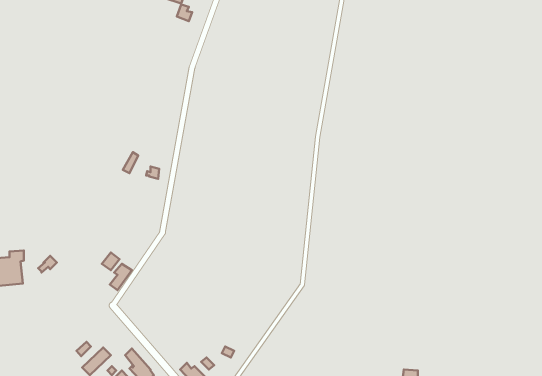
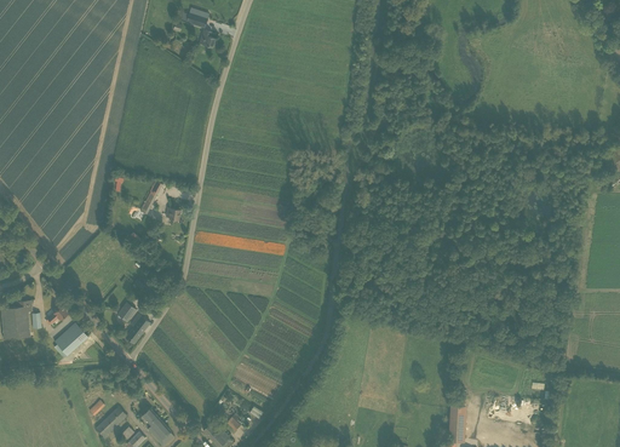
building: none -> [52,322,86,357]

